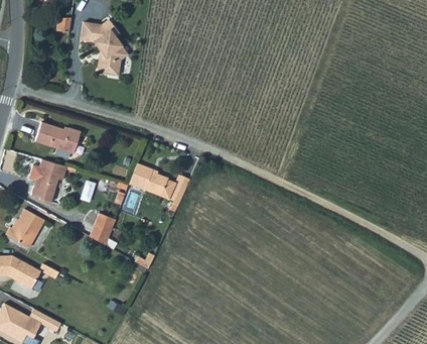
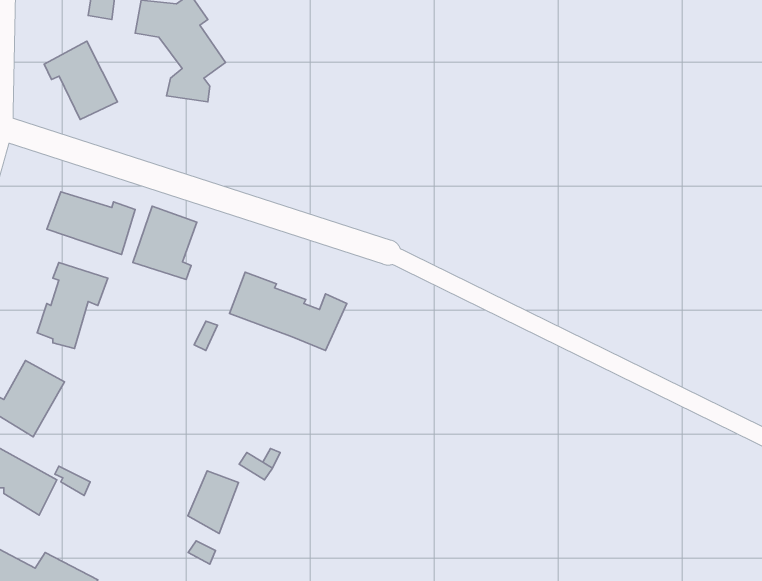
building: none -> [44,41,117,120]
building: none -> [133,206,197,280]
building: [89,214,115,246] -> [188,471,239,533]

